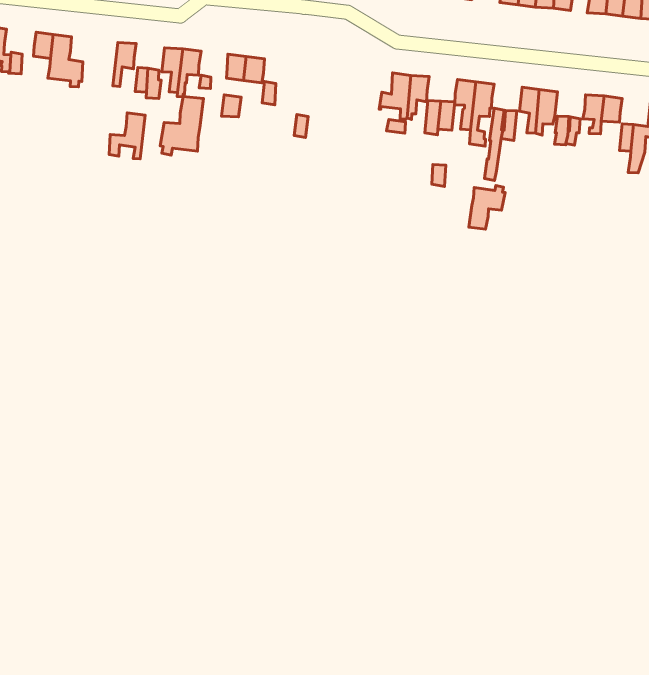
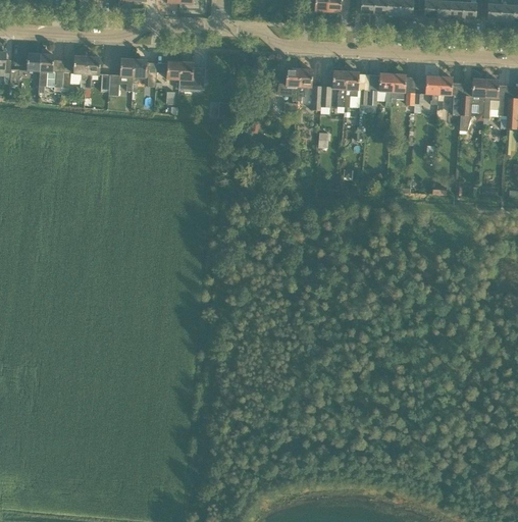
building: [160,96,203,155] -> none
building: [109,113,145,159] -> [62,55,87,88]
building: [469,185,505,229] -> none

